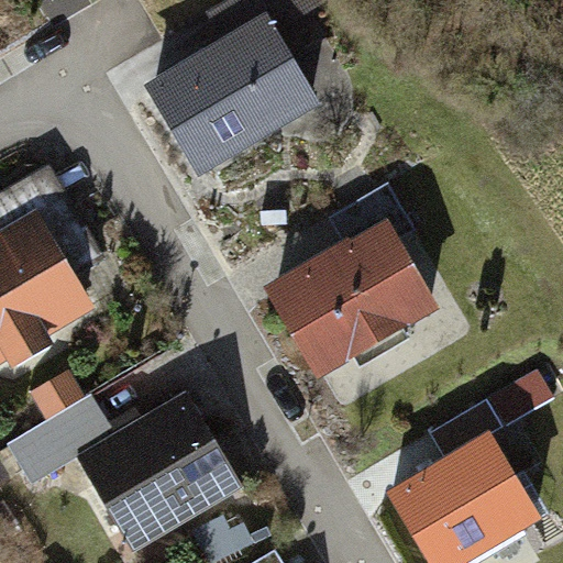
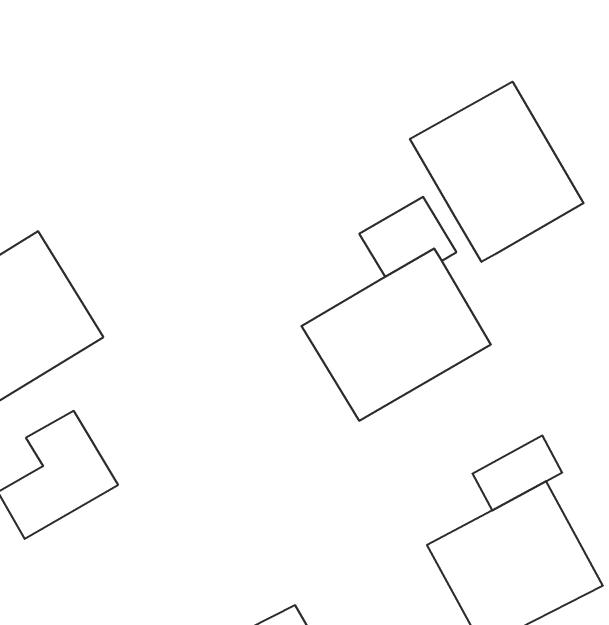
building: [150,15,320,173] -> none
building: none -> [410,82,584,262]
building: [84,394,249,550] -> none

